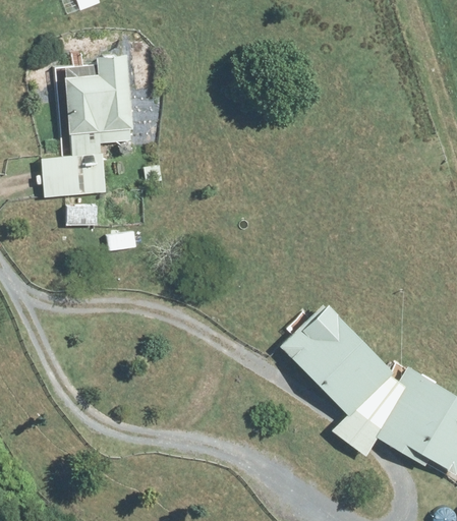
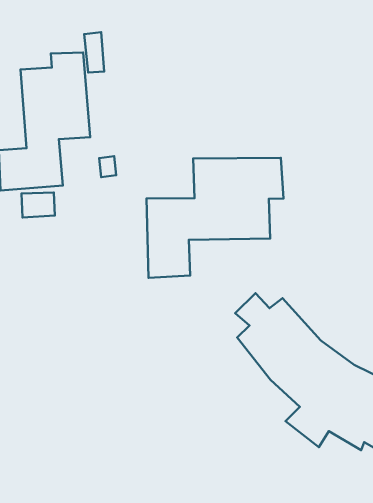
building: none -> [146,158,283,278]

